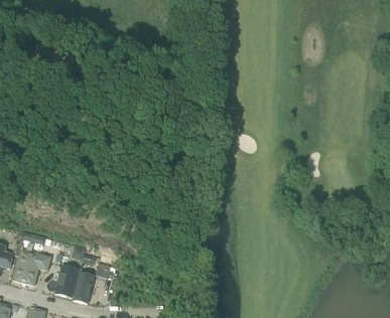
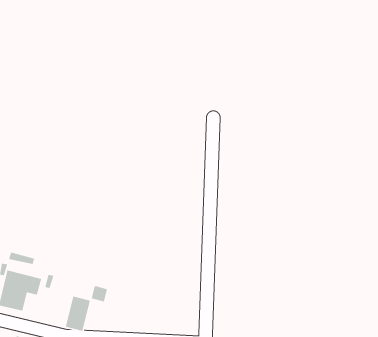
building: [53,264,79,297] -> none

